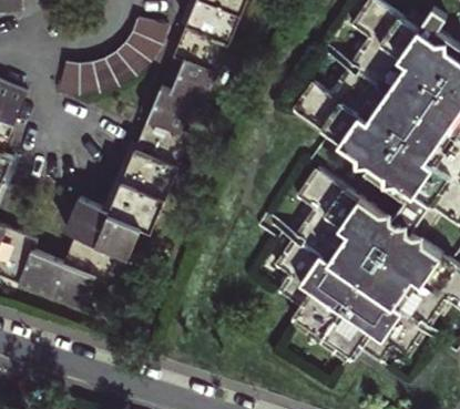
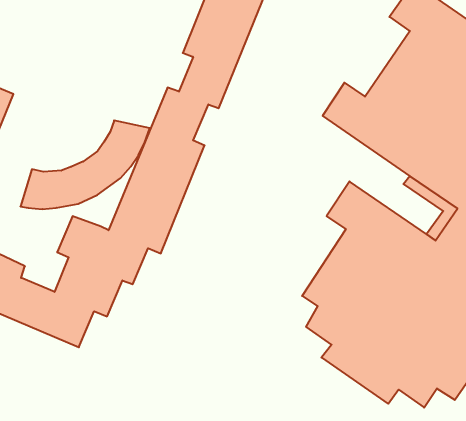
building: [57,20,168,96] -> [20,120,150,209]

